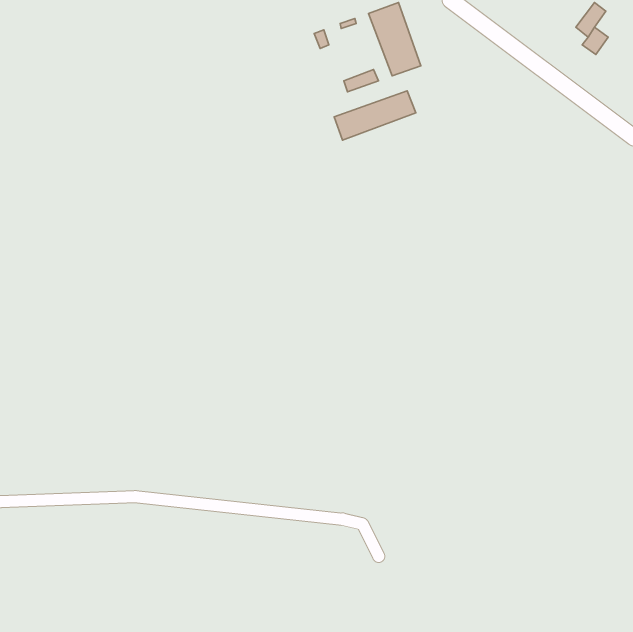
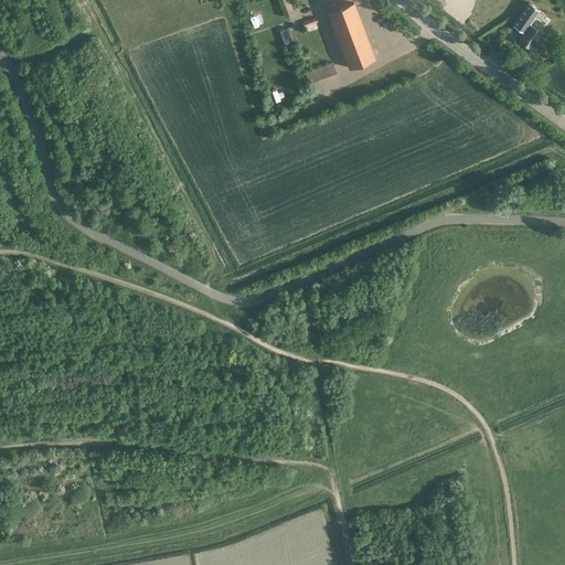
building: [334,91,416,140] -> none

